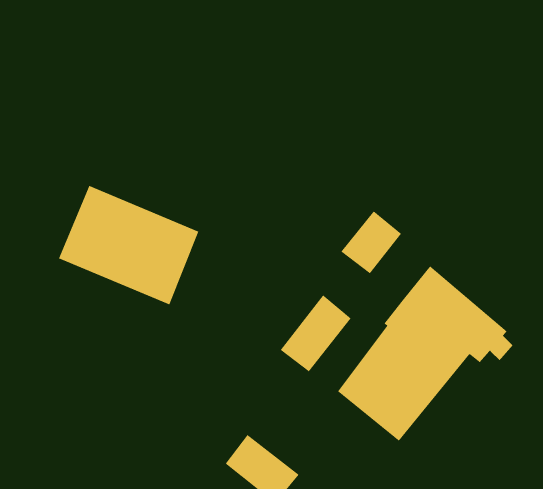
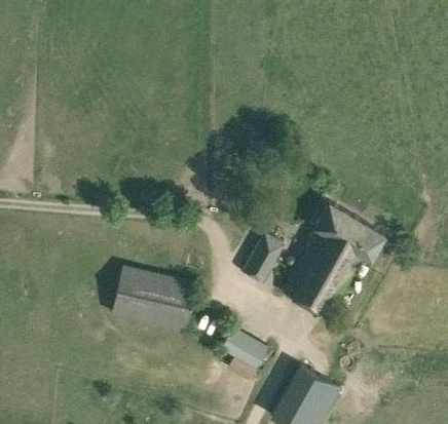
building: [58,185,199,305] -> [110,265,196,333]
building: [340,210,402,274] -> none

